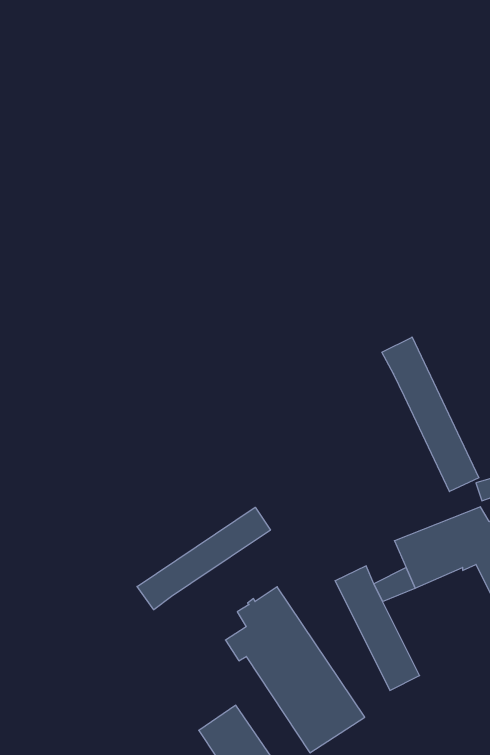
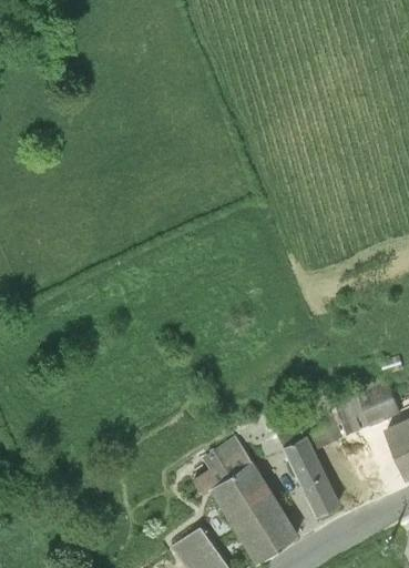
building: [382,337,479,492] -> none
building: [137,507,270,610] -> none

